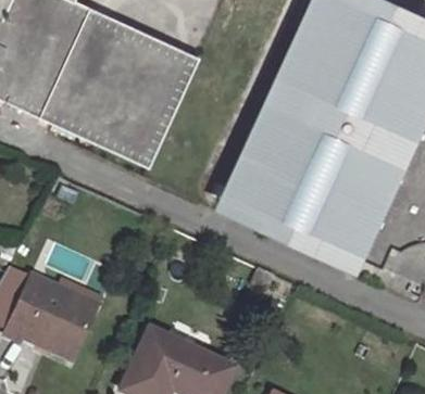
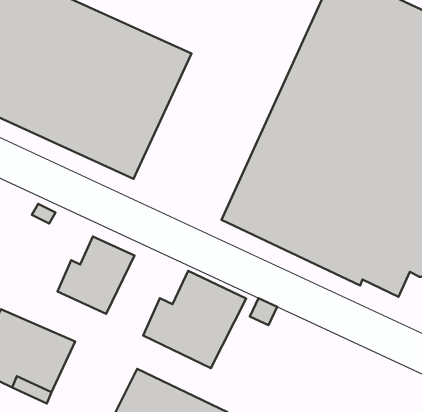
building: none -> [58,236,134,314]
building: none -> [143,271,246,368]

